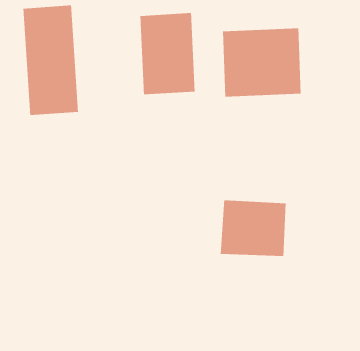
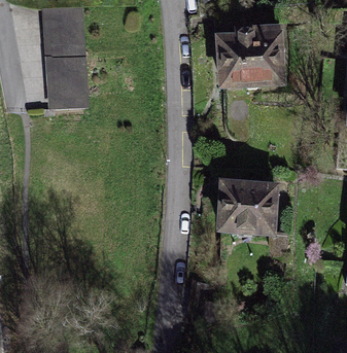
building: [139,12,195,95] -> none

